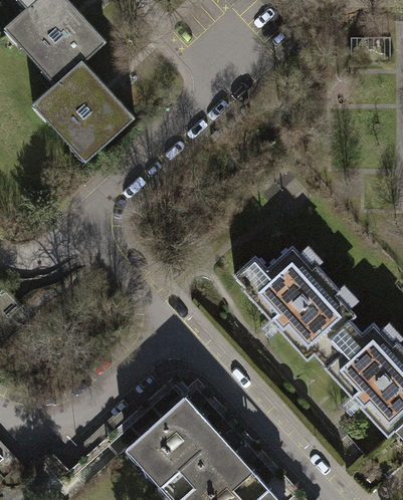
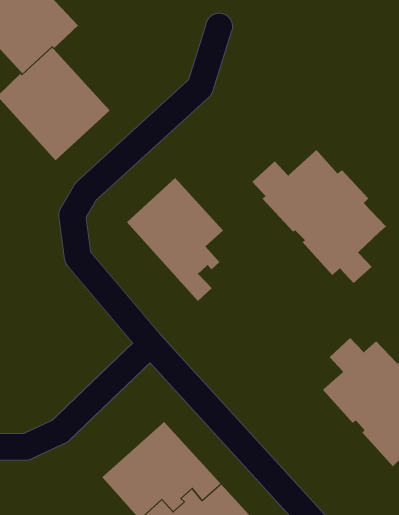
building: none -> [126,177,224,302]
building: [234,246,356,366] -> [251,149,387,284]

